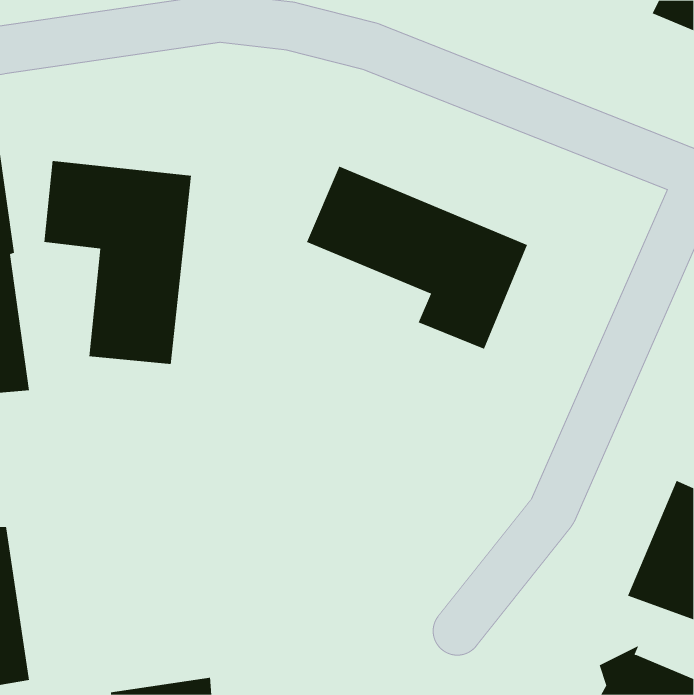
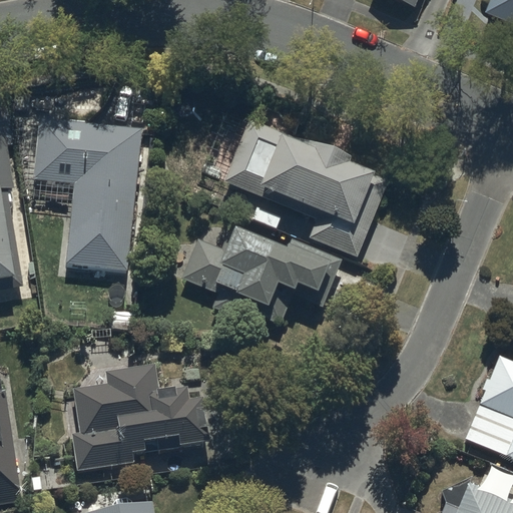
building: none -> [181,224,342,331]
building: none -> [70,367,207,471]

